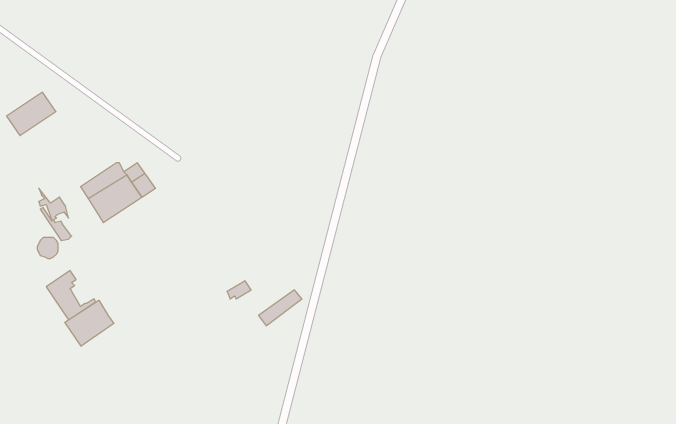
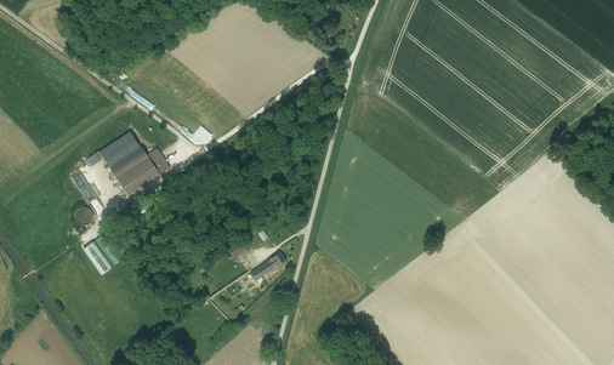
building: [7,92,56,136] -> [100,130,140,165]
building: [65,300,114,346] -> none

